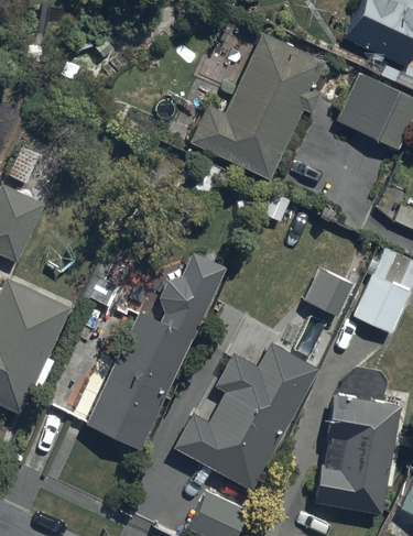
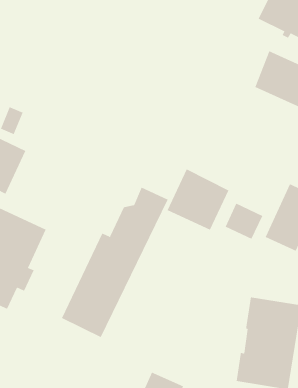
building: [189,31,326,181] -> none
building: none -> [167,168,229,231]
building: [173,342,317,489] -> none

